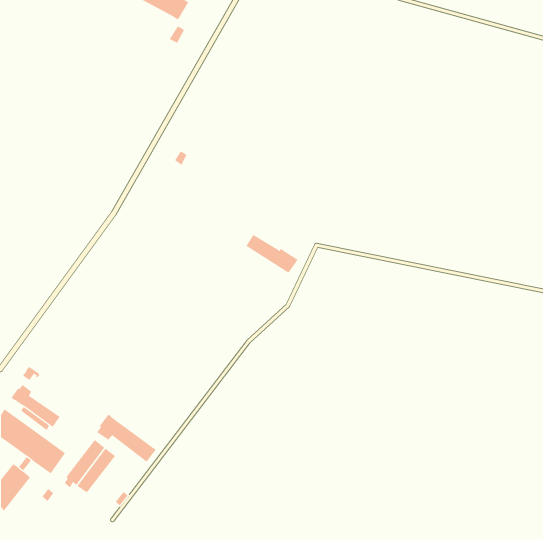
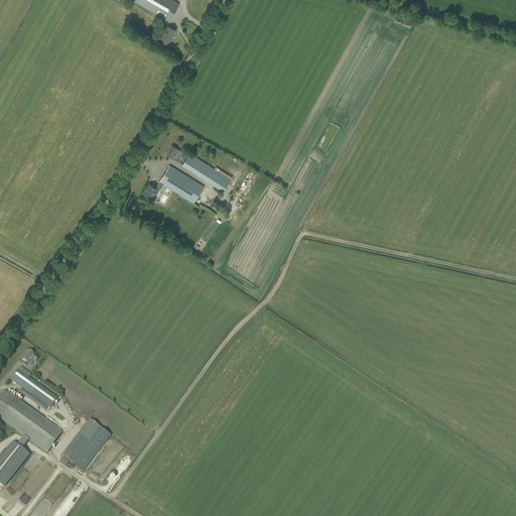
building: none -> [142,163,204,202]
building: [245,234,299,274] -> [181,152,232,189]
building: [96,413,156,462] -> none

